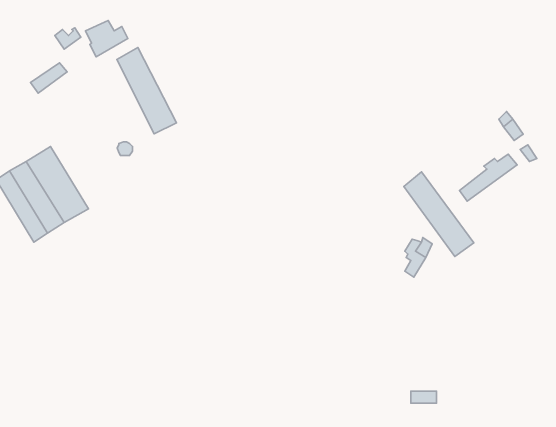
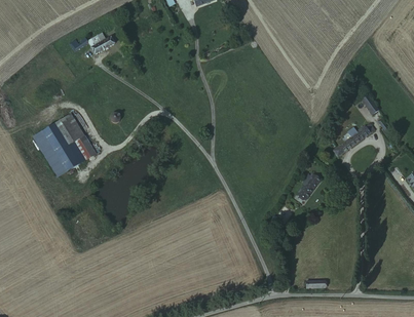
building: [117,47,176,134] -> none
building: [404,172,474,257] -> none

